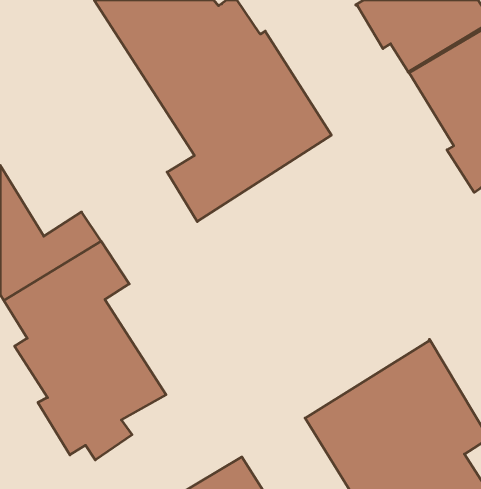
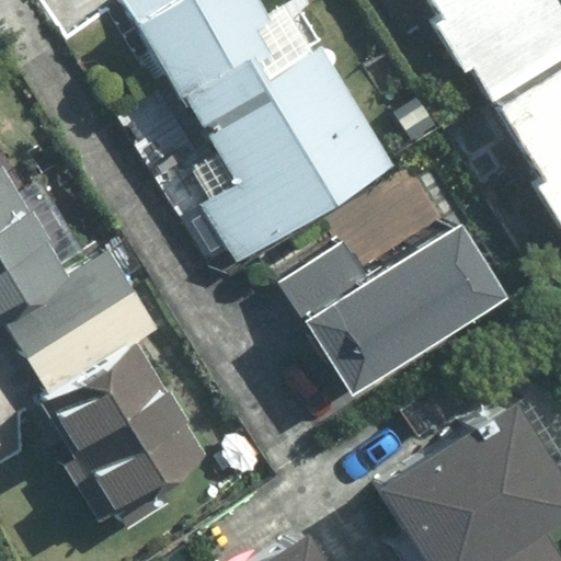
building: none -> [279,214,493,388]

